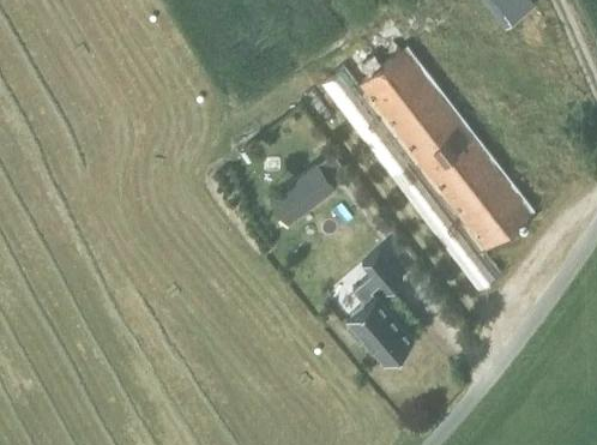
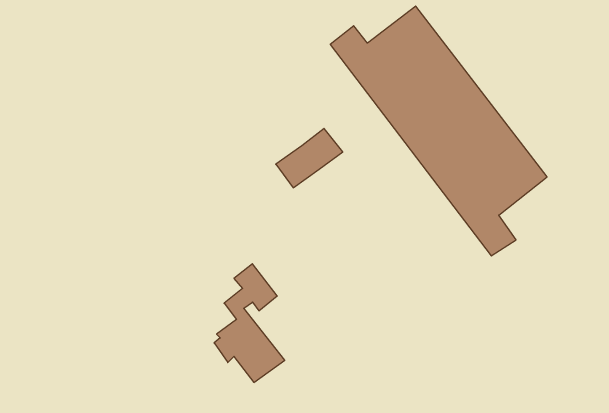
building: [348,249,416,365] -> [214,264,285,382]

